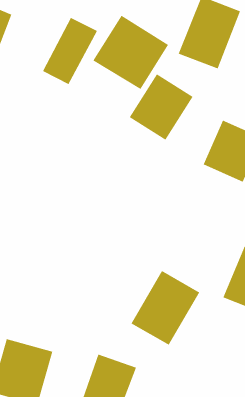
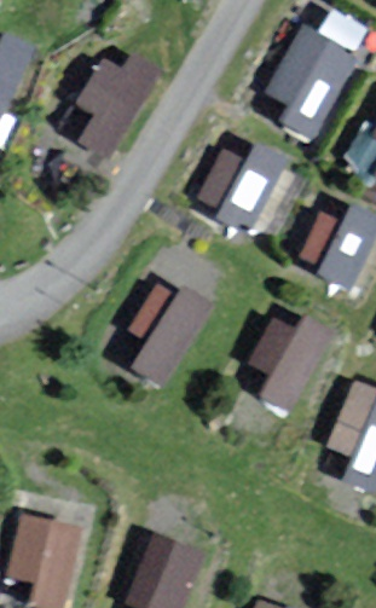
building: [92,15,169,90] -> none
building: none -> [117,280,204,384]
building: [130,270,200,346] -> [236,307,334,413]

